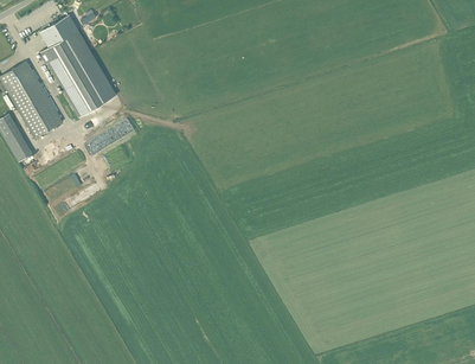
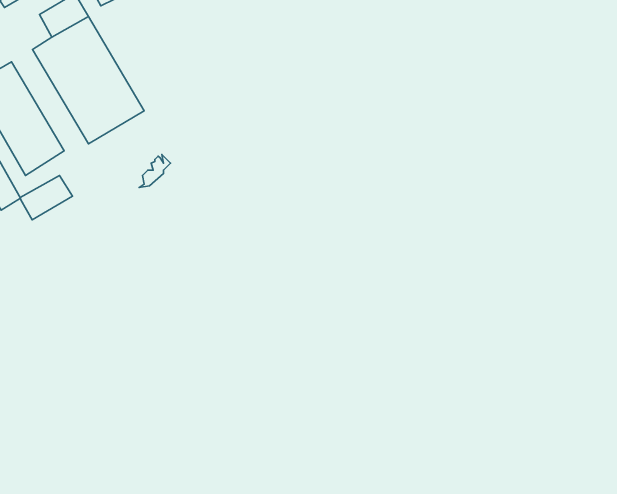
building: none -> [20,175,72,220]

